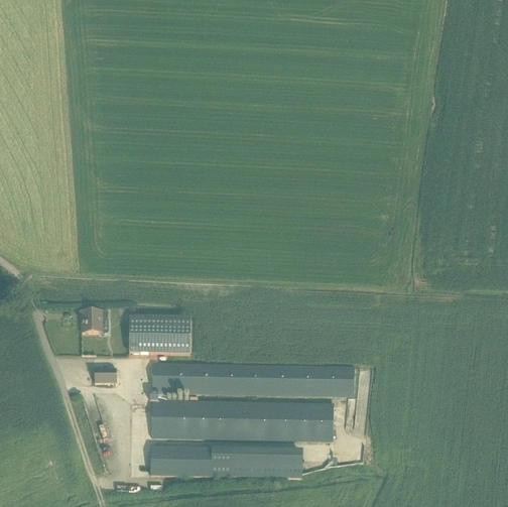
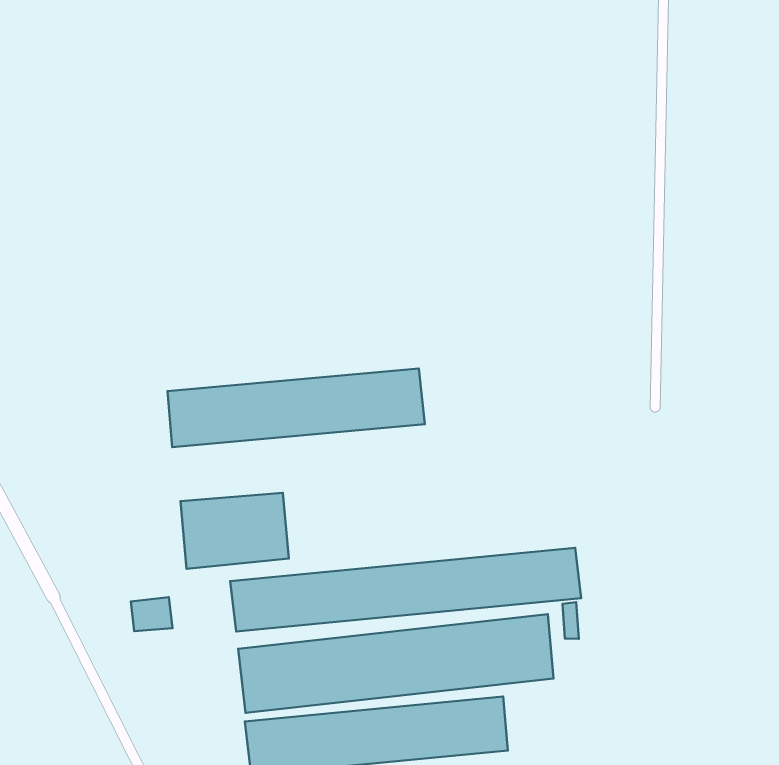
building: none -> [167,368,425,447]
building: [80,313,109,337] -> none

